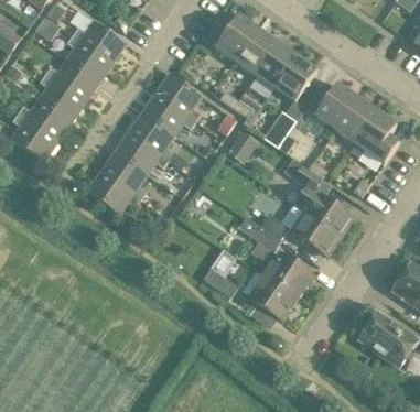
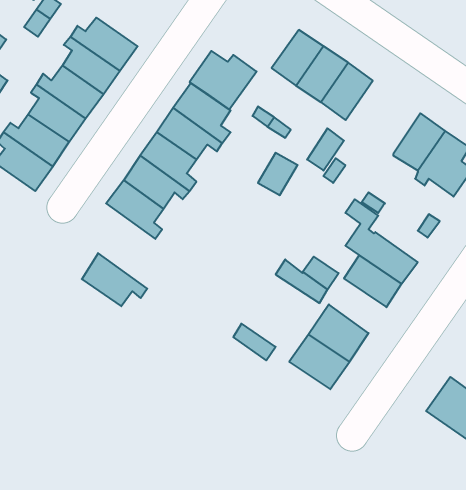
building: [203,13,257,61] -> [190,51,257,110]
building: [303,84,355,137] -> none
building: [88,170,141,213] -> [82,253,147,306]

